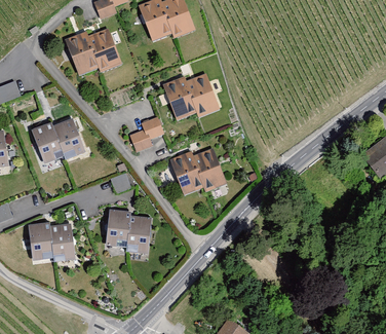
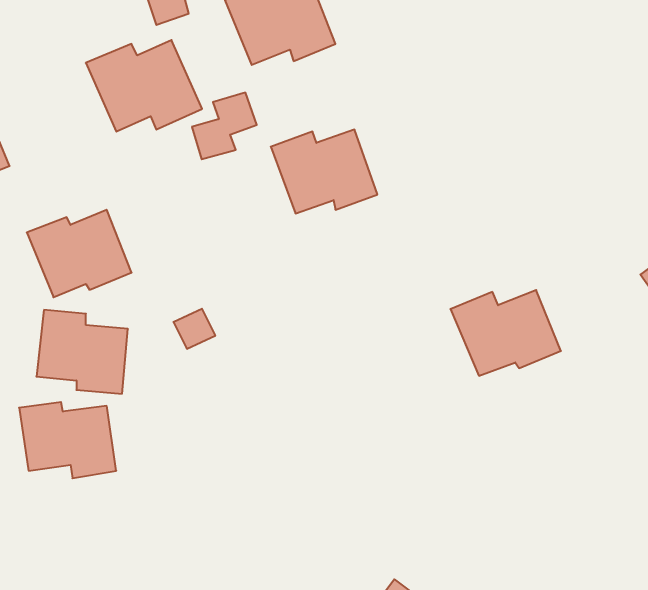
building: [129,115,164,151] -> [192,93,257,159]
building: [167,149,227,195] -> [450,290,561,376]
building: [103,208,152,253] -> [36,310,128,394]

